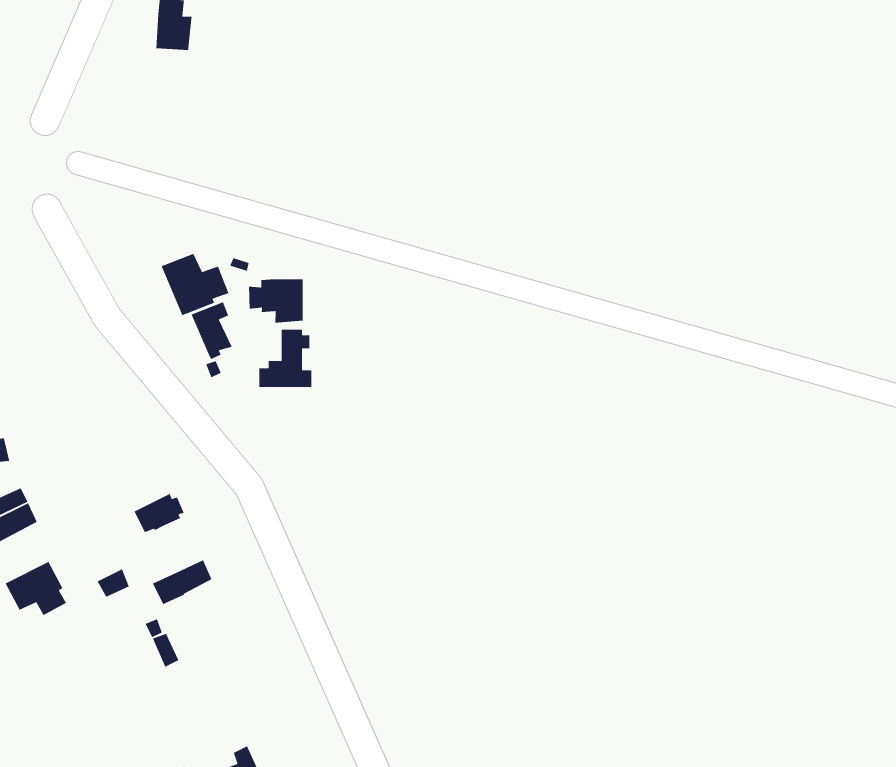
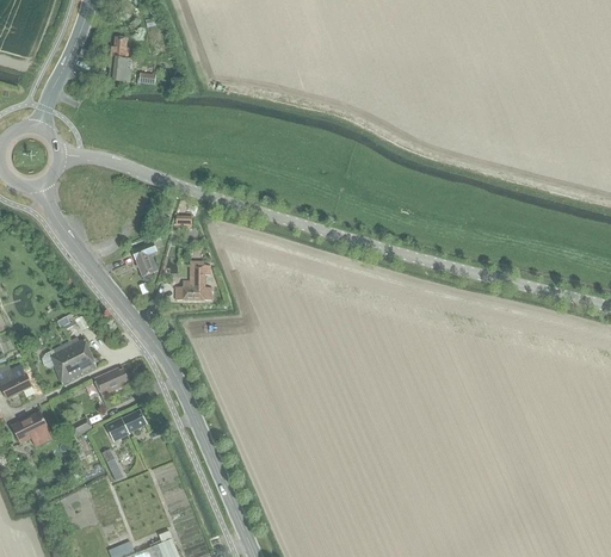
building: [161,253,229,316] -> none
building: [248,278,304,324] -> none
building: none -> [49,338,97,384]

